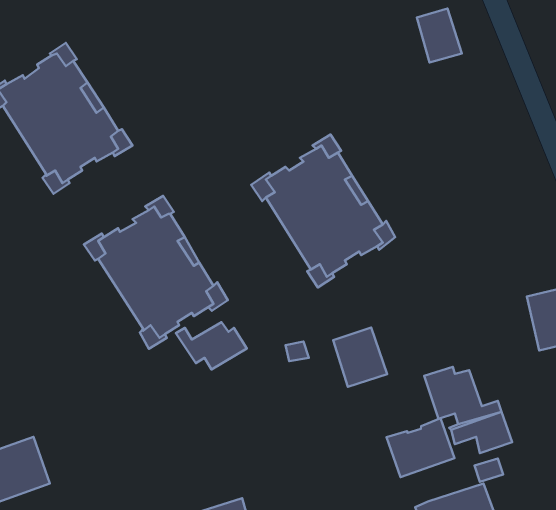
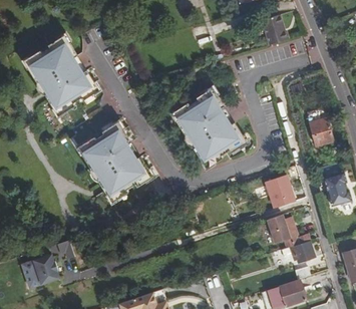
building: none -> [307,107,333,145]
building: [176,322,247,370] -> none
building: [333,327,387,387] -> [265,175,295,208]
building: [386,418,454,477] -> none

